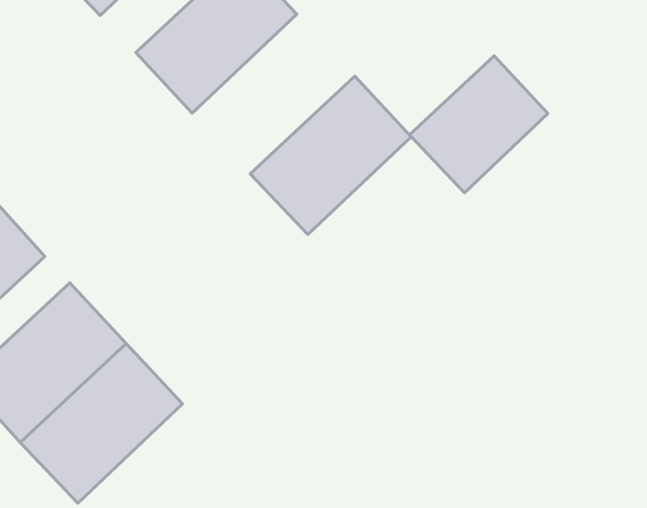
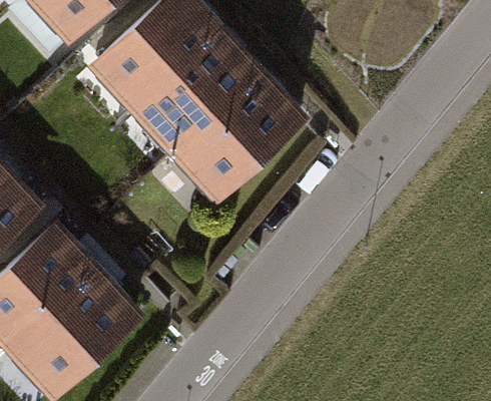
building: none -> [143,34,262,150]
building: [410,56,548,193] -> none

